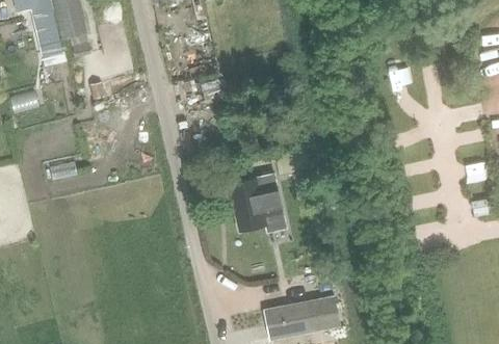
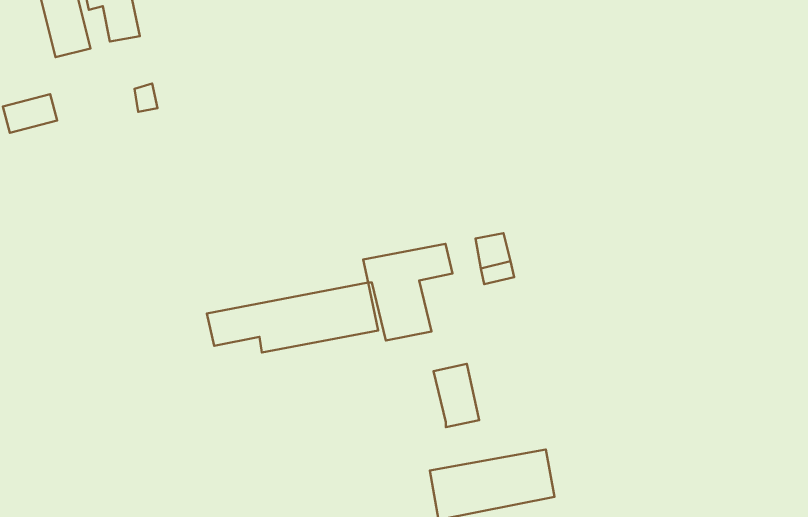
building: [258,192,285,230] -> [433,364,479,427]
building: none -> [207,282,378,353]

